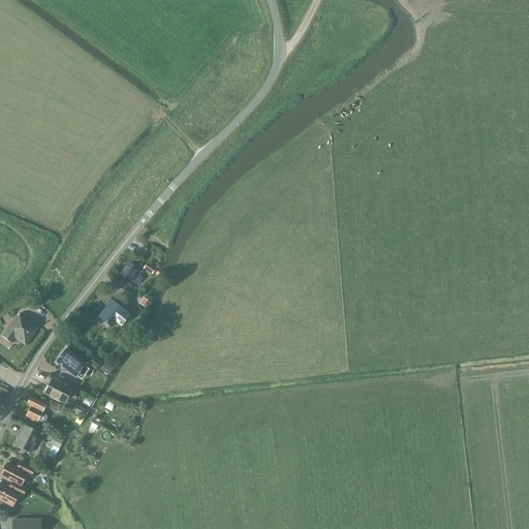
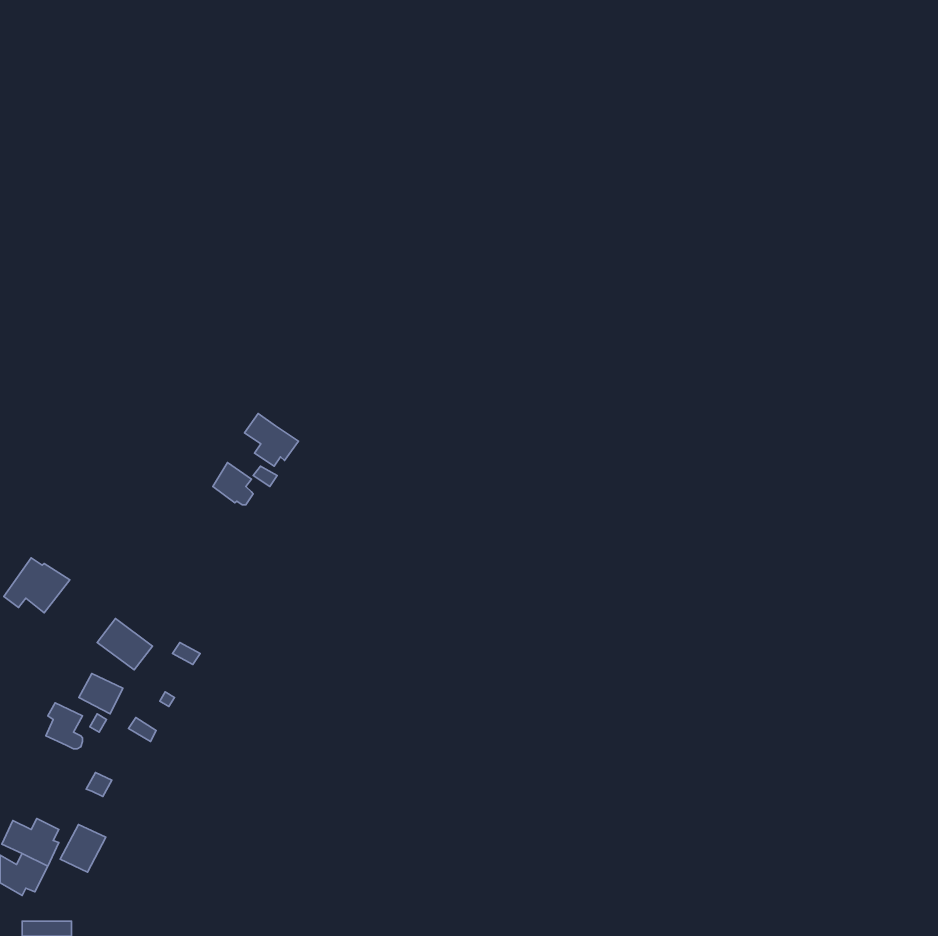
building: none -> [244,413,298,466]
building: [98,301,129,326] -> none
building: [14,425,40,452] -> [60,824,106,872]

